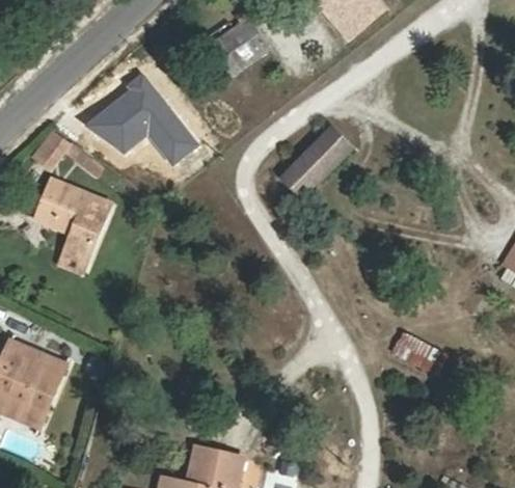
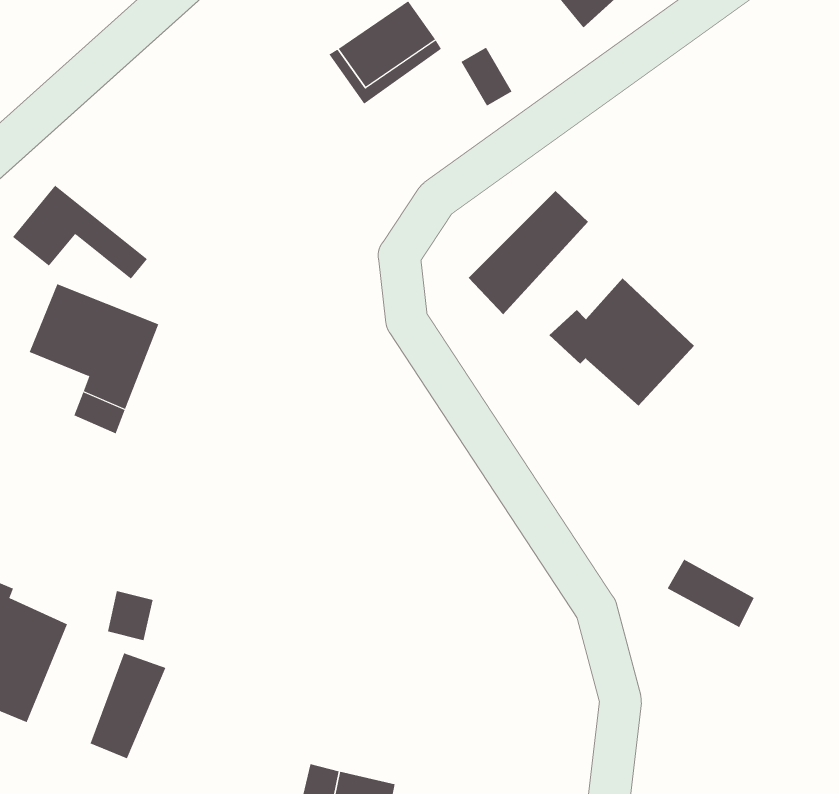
building: [82,72,197,163] -> none
building: none -> [549,278,695,407]
building: none -> [90,652,166,759]

